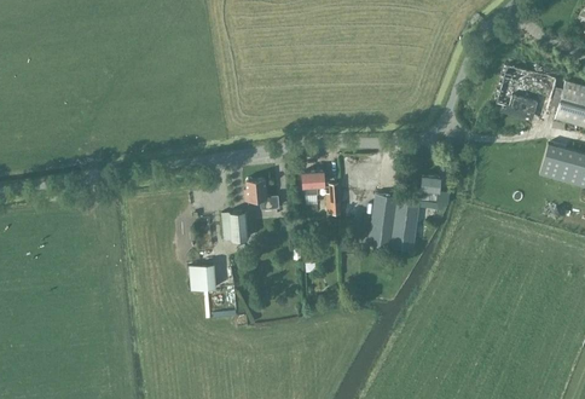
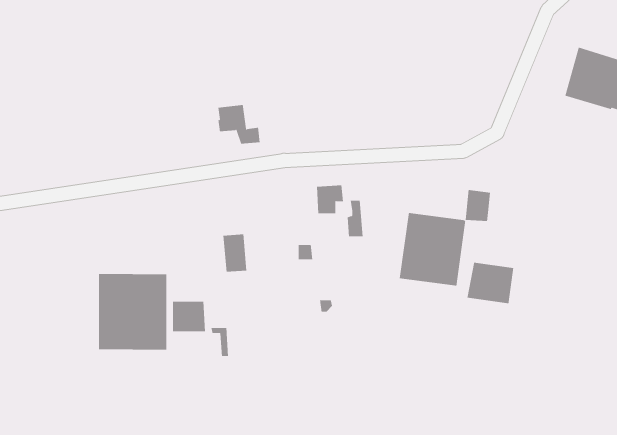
building: [245,179,279,210] -> [218,104,260,144]
building: none -> [467,262,514,304]
building: none -> [98,273,167,350]

